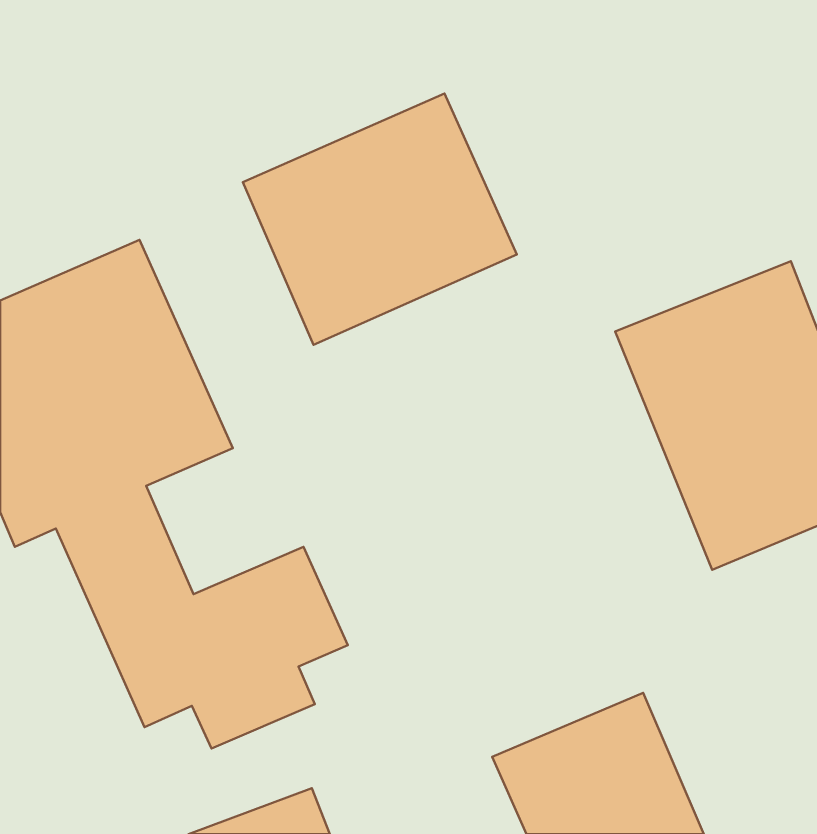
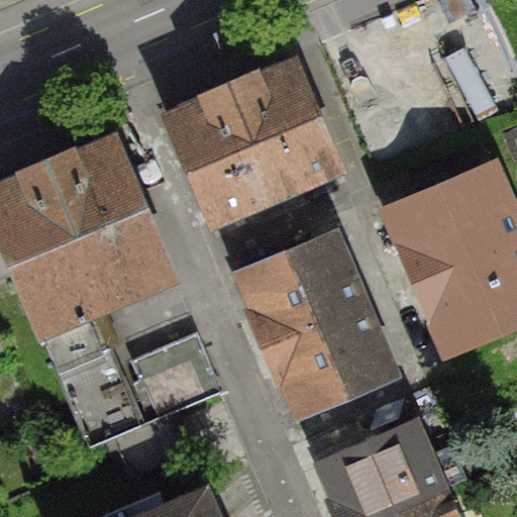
building: none -> [233,234,390,417]

